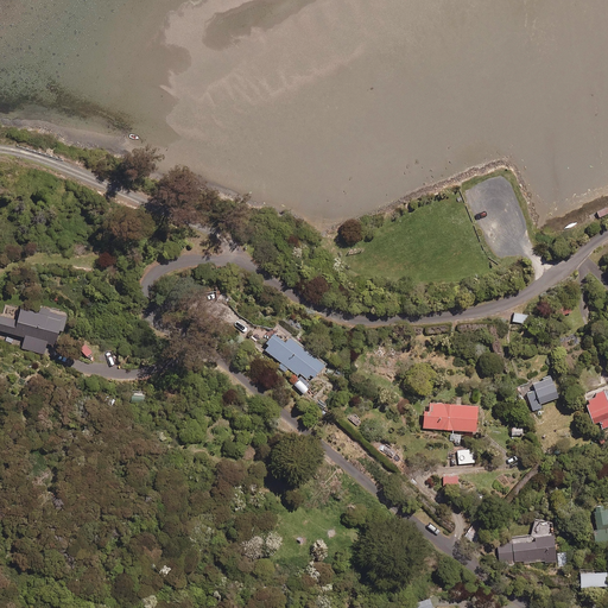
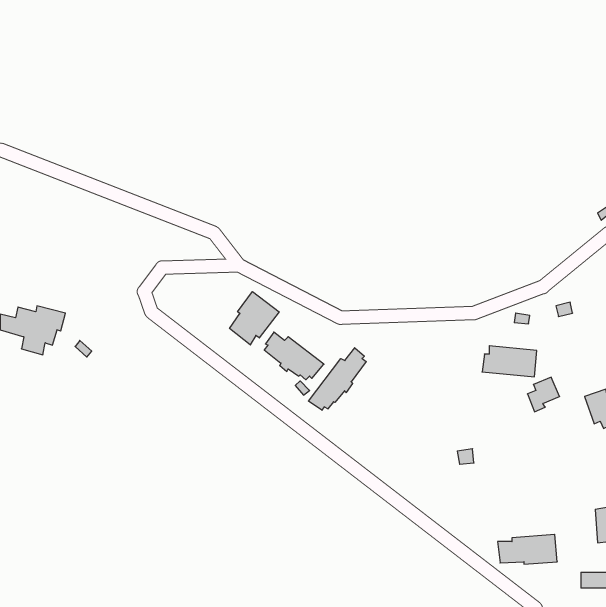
building: none -> [230,292,279,345]
building: none -> [308,348,366,410]
building: [424,403,479,433] -> [482,346,537,377]

